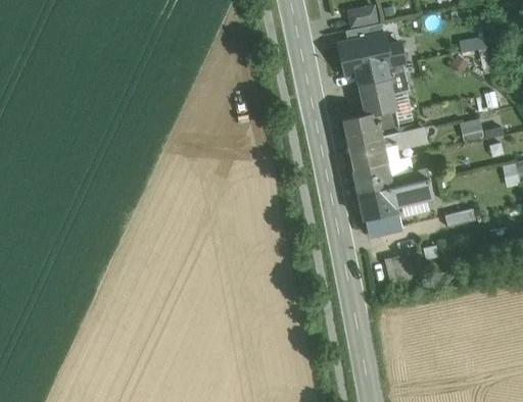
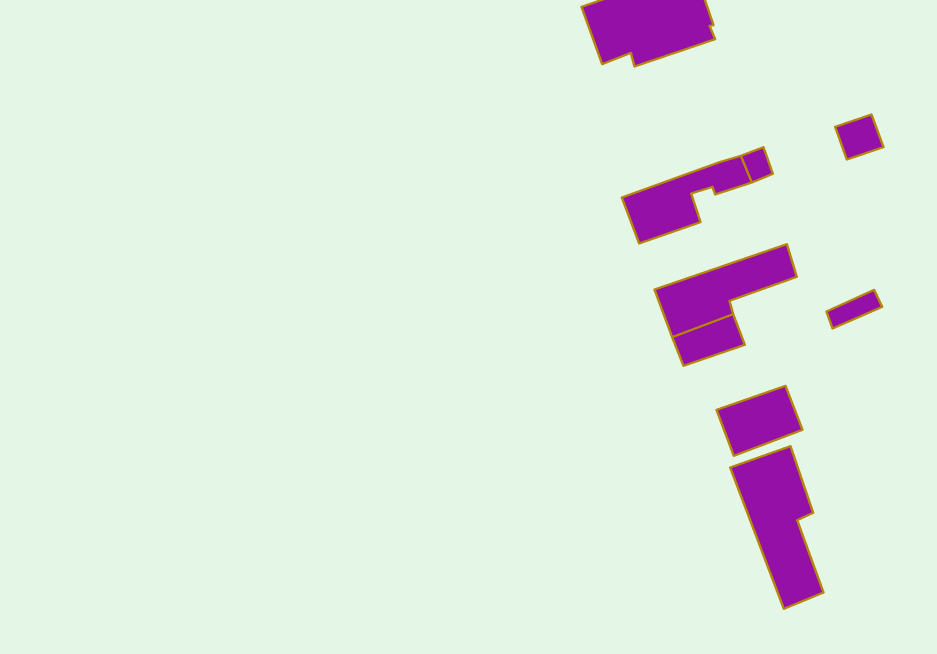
building: [341,80,399,146] -> none
building: [353,163,429,195] -> none
building: none -> [730,446,823,609]

